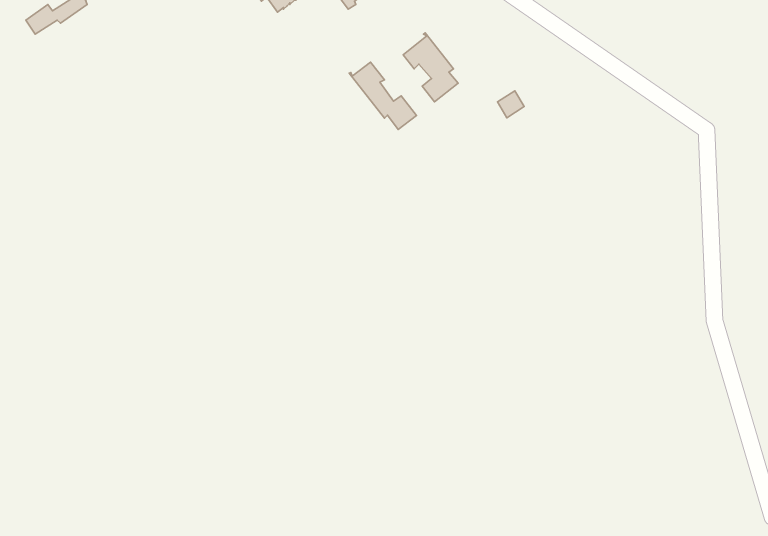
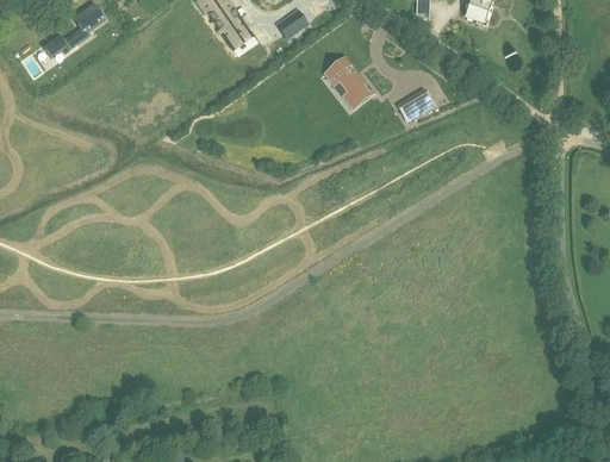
building: [349,62,417,130] -> none

